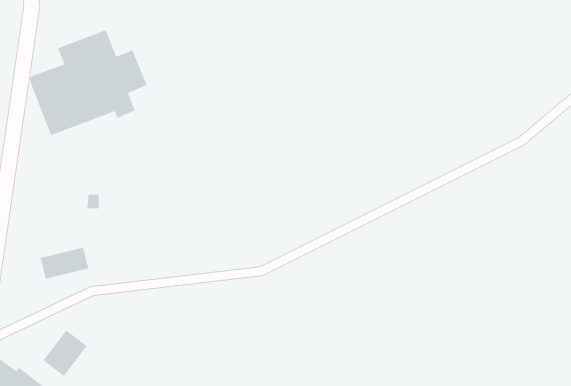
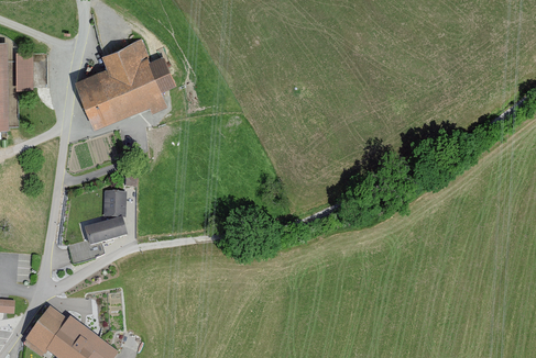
building: none -> [103,191,125,215]
building: [43,329,88,377] -> none

